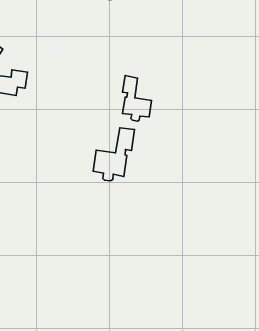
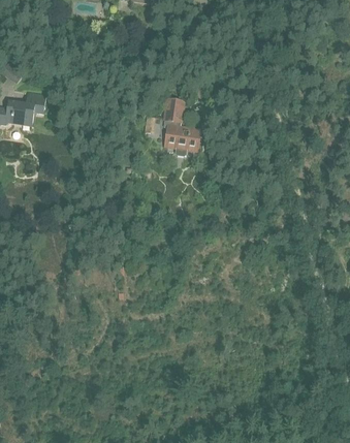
building: [93,128,135,181] -> none

